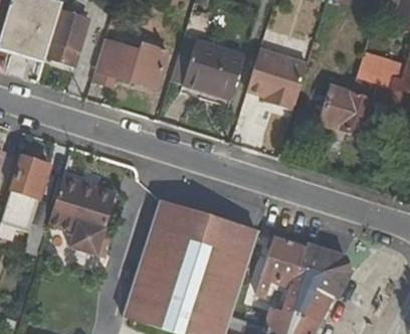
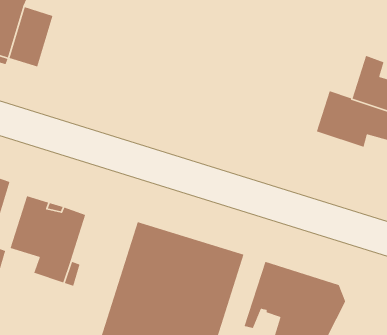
building: [95,38,169,89] -> none
building: [184,40,244,98] -> none
building: [247,47,308,108] -> none

